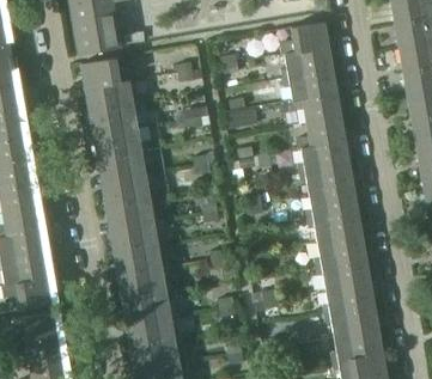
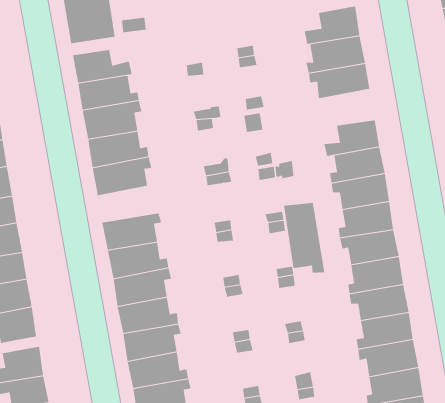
building: [290,92,340,123] -> none
building: [103,175,156,206] -> none
building: none -> [283,202,325,273]

